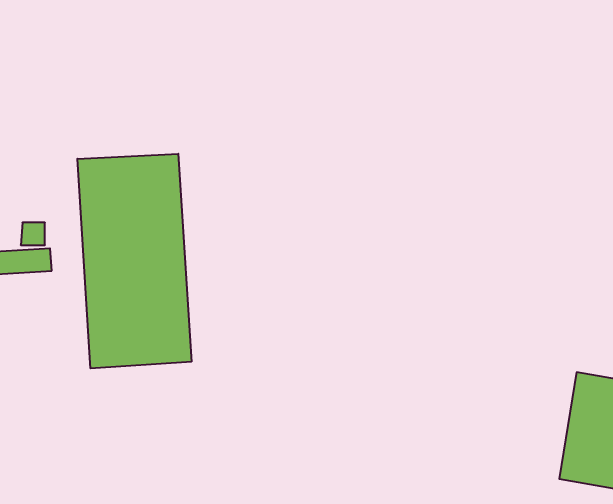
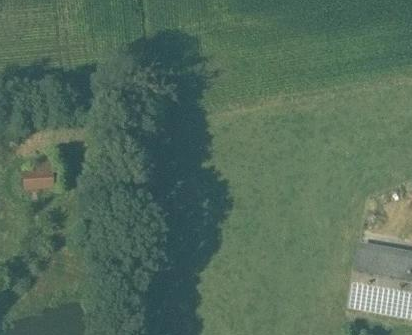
building: [77,154,191,368] -> none

